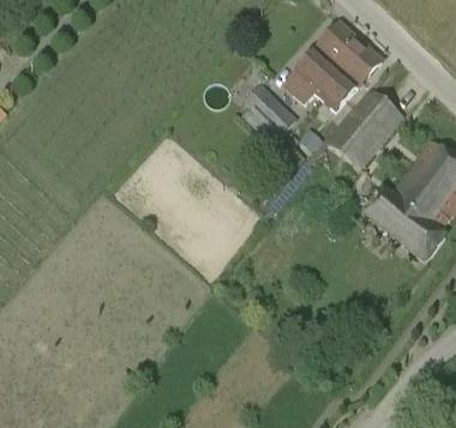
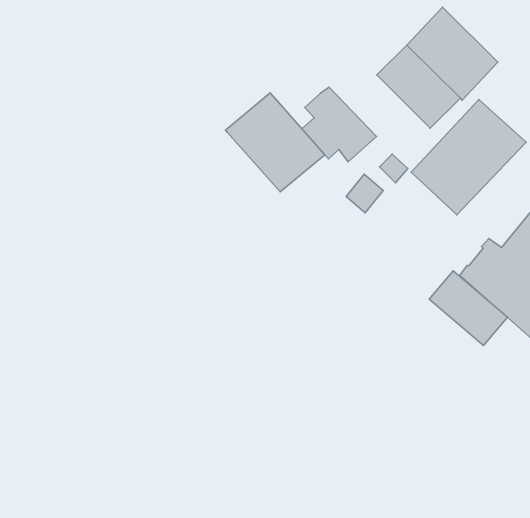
building: none -> [226,93,325,192]
building: none -> [429,271,507,346]

